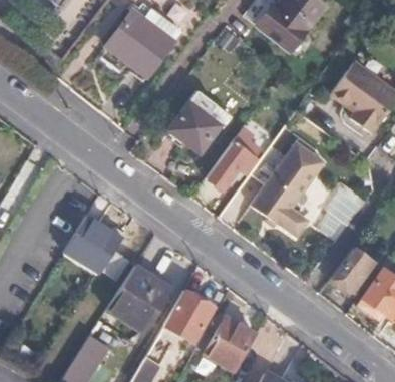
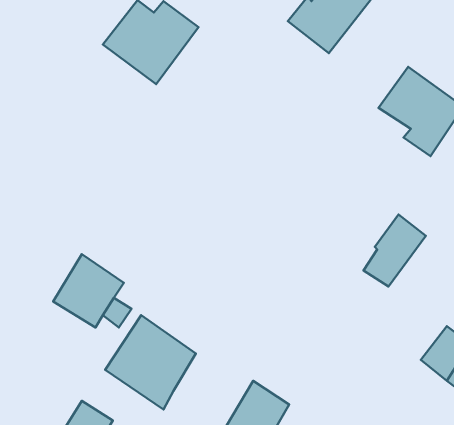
building: [168,92,233,152] -> none
building: [206,141,257,189] -> none
building: [251,142,324,237] -> none
building: [331,249,372,295] -> none
building: [162,291,212,340] -> none

